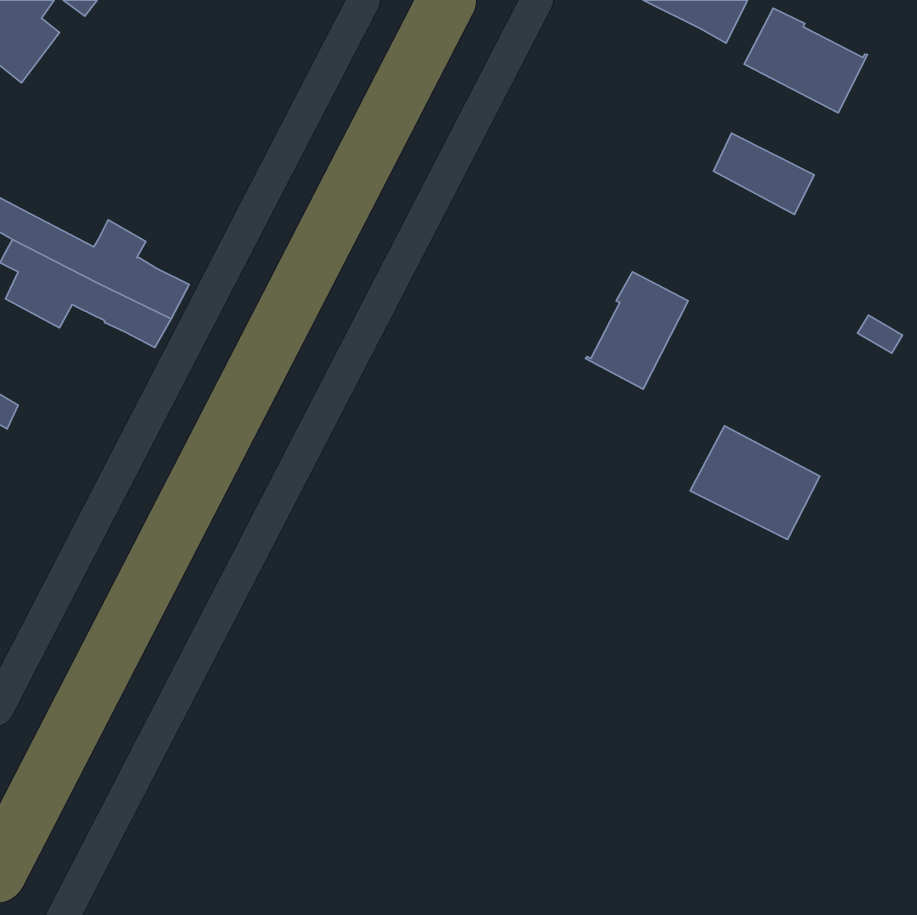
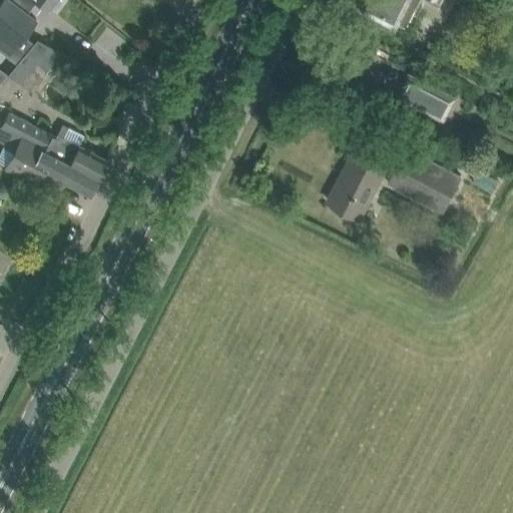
building: [744,8,867,113] -> none
building: none -> [4,41,72,94]
building: [690,426,820,539] -> [387,150,459,213]

